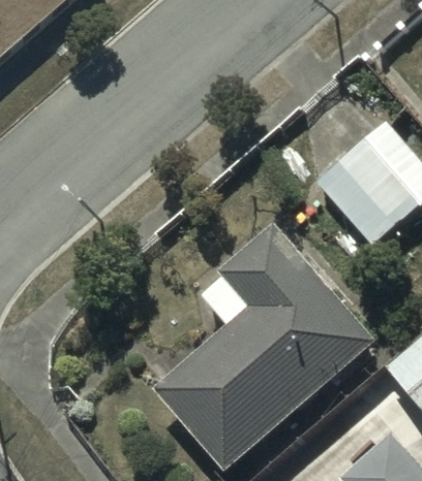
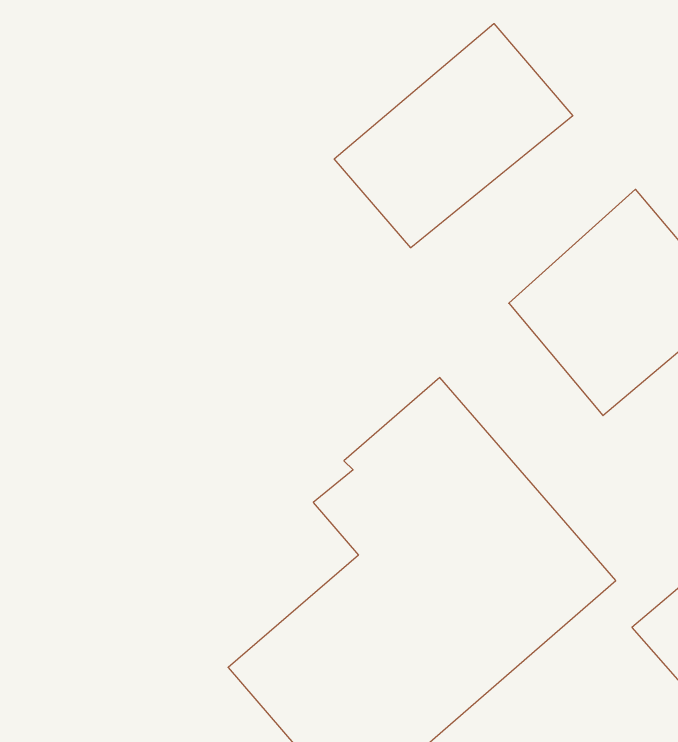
building: none -> [334,24,573,248]

